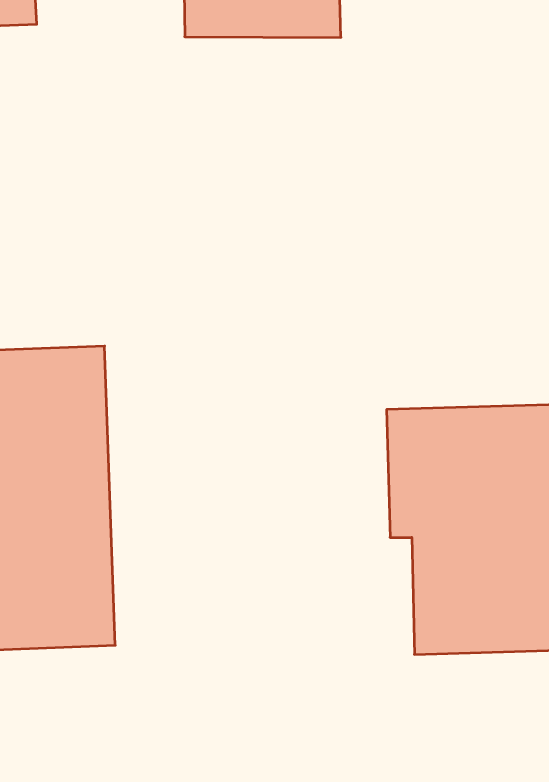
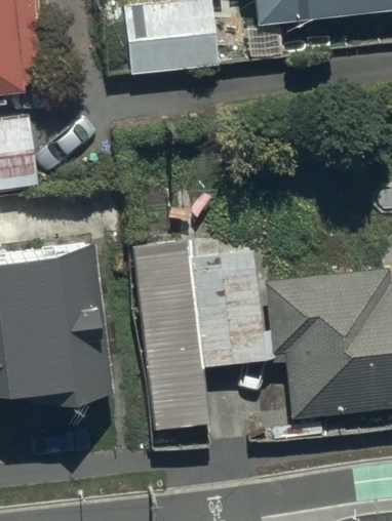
building: none -> [190,239,264,358]
building: none -> [133,272,207,422]

